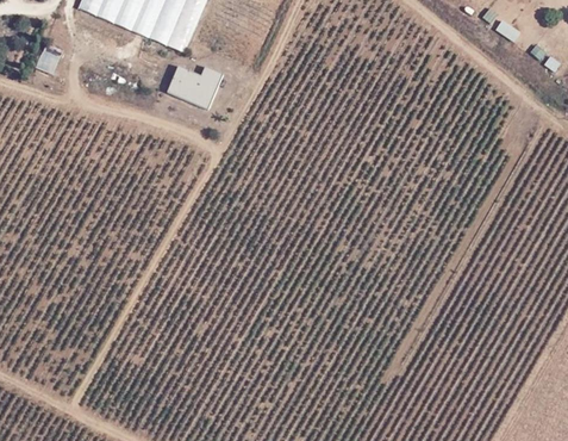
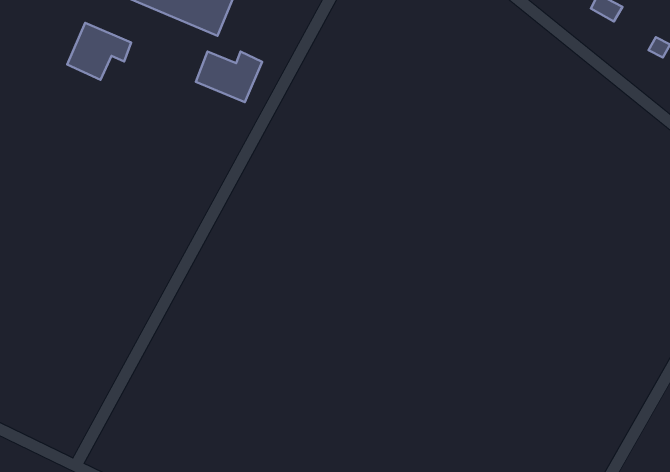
building: none -> [67,23,131,80]

